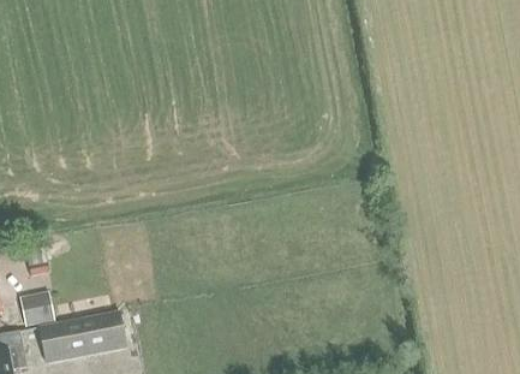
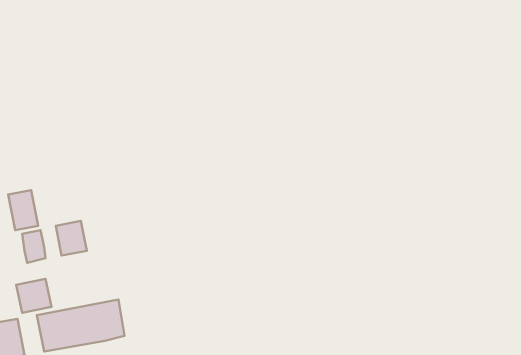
building: none -> [8,190,38,230]
building: none -> [56,221,87,255]

